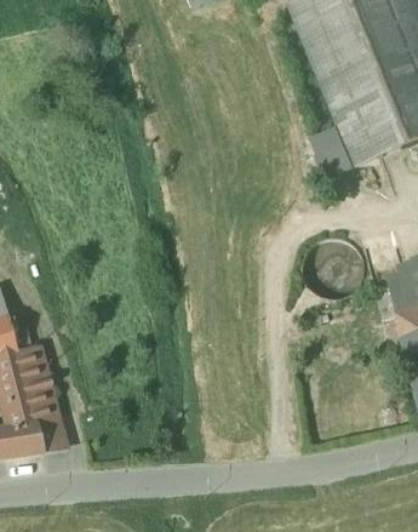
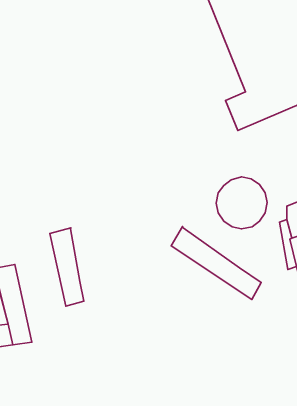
building: none -> [171,227,261,299]
building: none -> [50,228,84,306]

